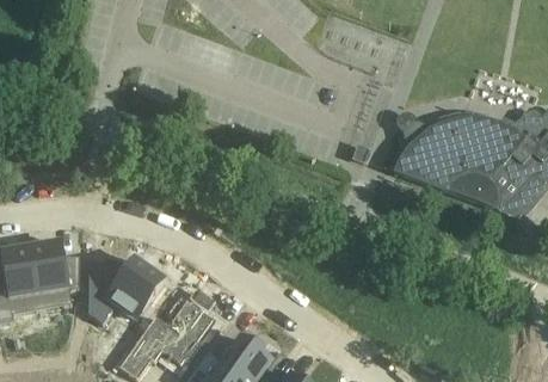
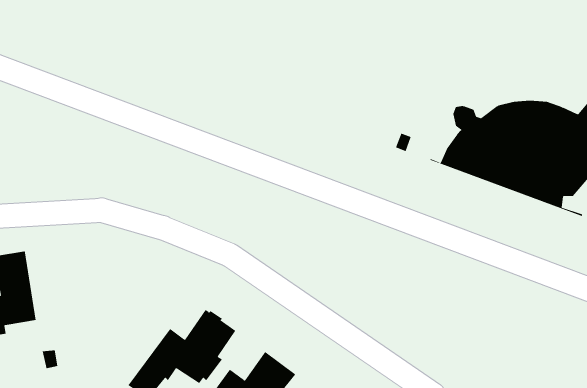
building: [30,241,80,308] -> none
building: [88,258,165,322] -> none

